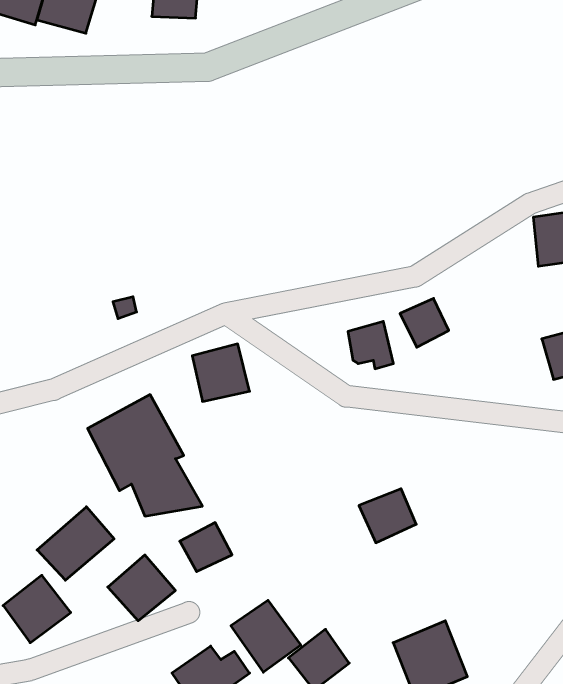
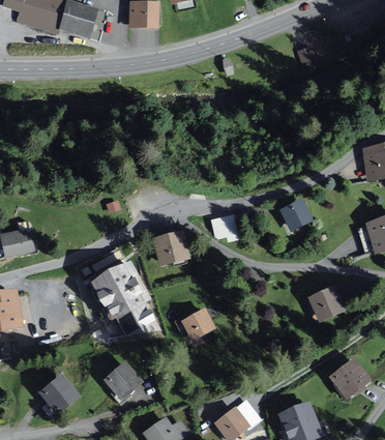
building: [348,321,393,369] -> [211,213,239,242]
building: [359,489,416,543] -> [308,286,344,319]
building: [37,507,114,580] -> none
building: [180,523,232,572] -> [182,309,214,339]
building: none -> [327,355,372,399]
building: [231,600,301,672] -> none

